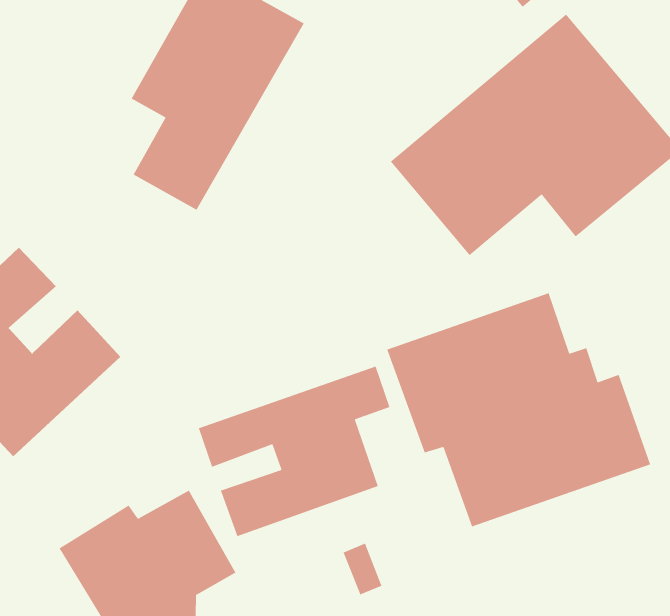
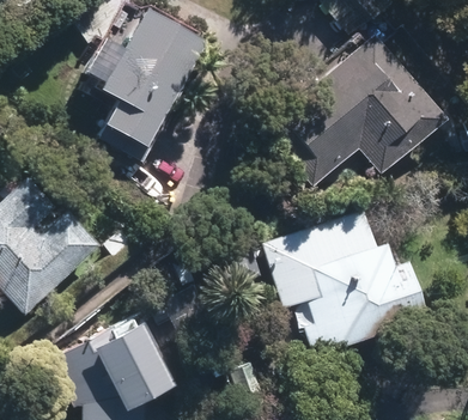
building: [198,365,391,537] -> none

